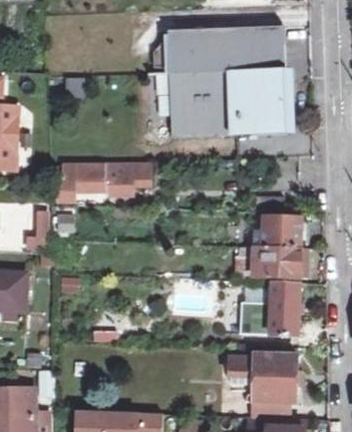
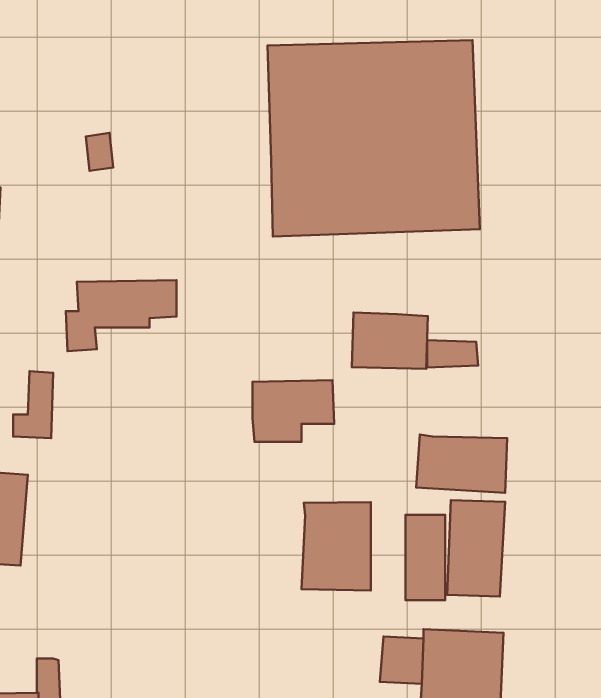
building: [116,159,161,193] -> [253,380,334,442]
building: [258,217,300,248] -> [352,312,428,369]
building: none -> [302,502,371,591]

